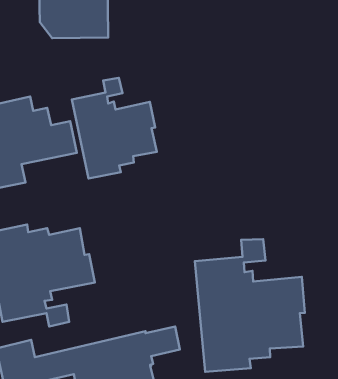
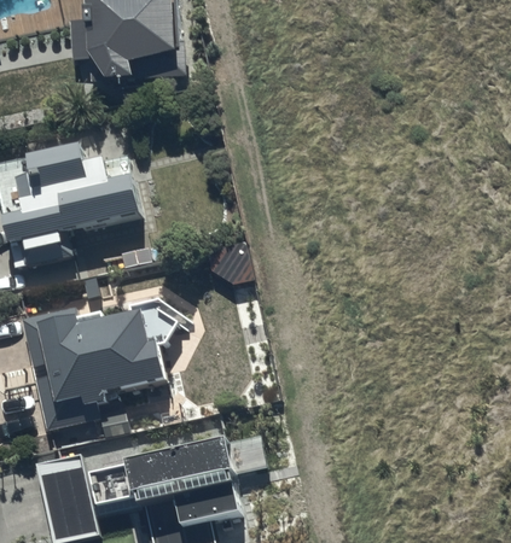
building: [72,78,157,179] -> none
building: [195,239,305,372] -> none

